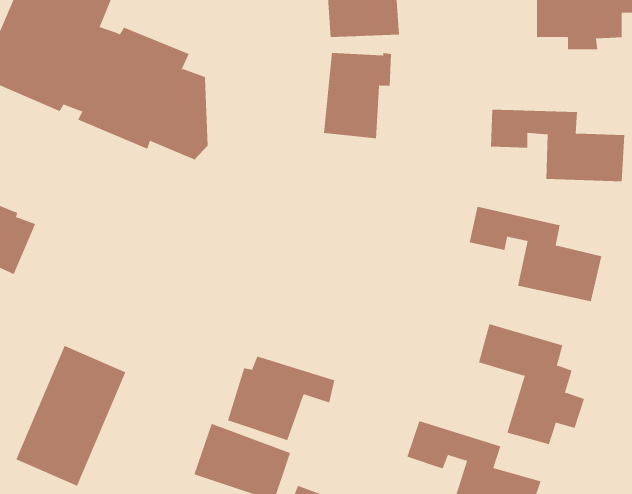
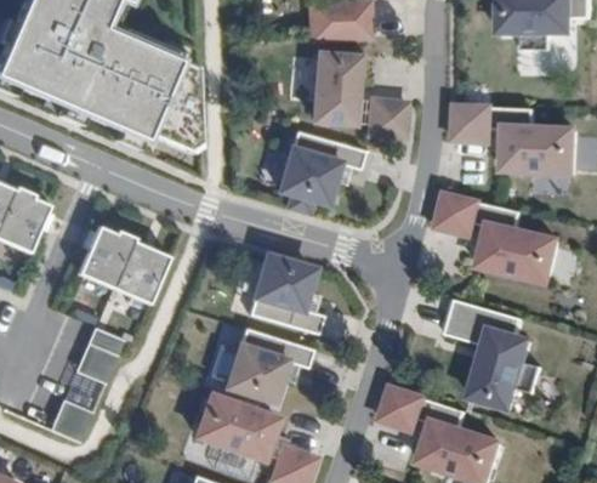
building: none -> [364,98,406,143]
building: none -> [269,133,365,212]
building: none -> [72,233,164,311]
building: none -> [245,249,326,336]

